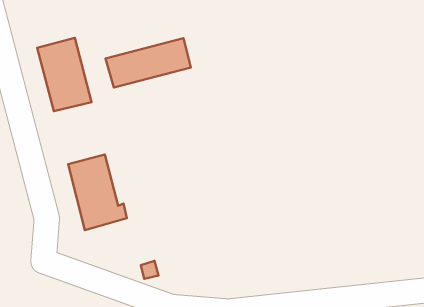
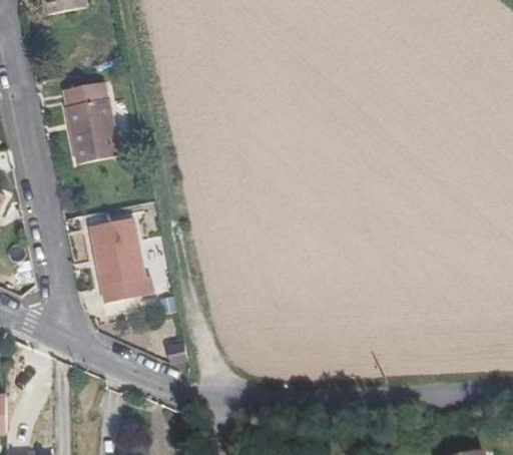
building: [106,38,191,87] -> none

